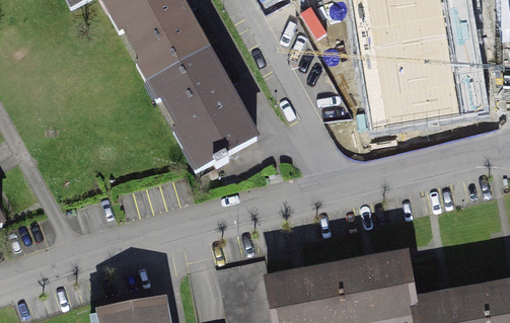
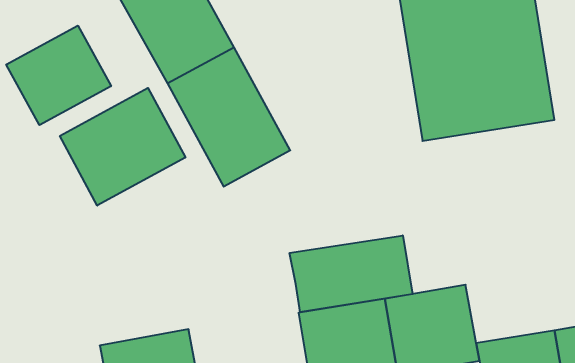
building: none -> [6,26,111,125]
building: none -> [60,88,185,206]
building: none -> [290,235,413,312]

